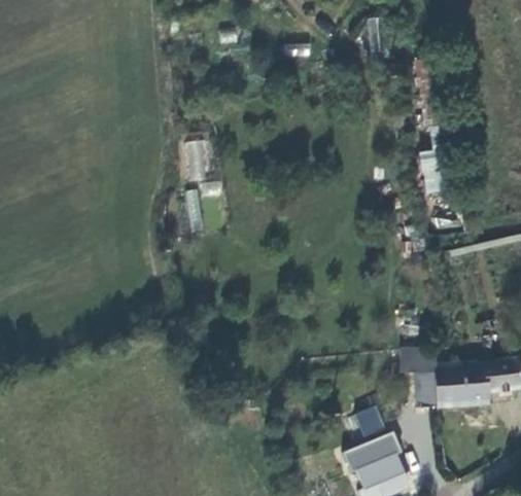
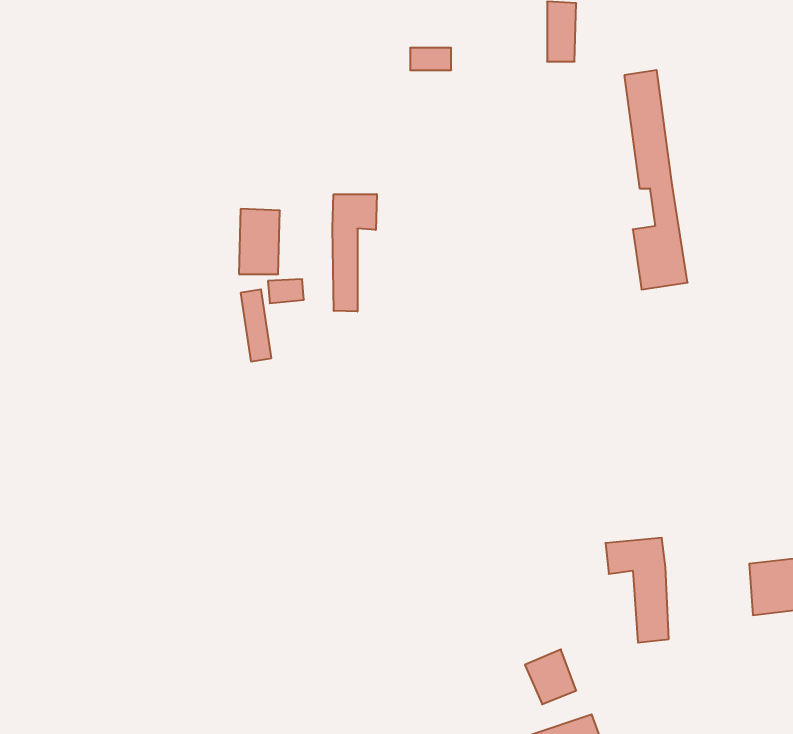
building: none -> [333,194,377,312]
building: [438,359,491,404] -> none

